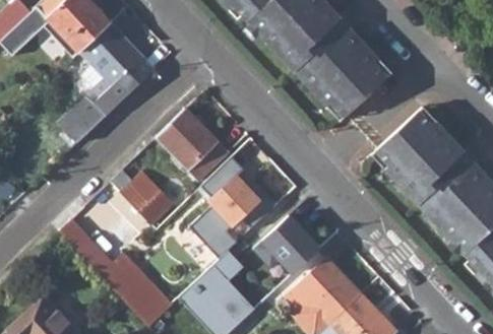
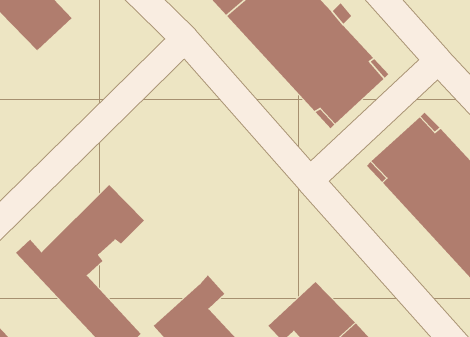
building: [64,23,153,143] -> none
building: [158,109,228,181] -> none
building: [192,156,261,259] -> none
building: [251,212,322,274] -> none

